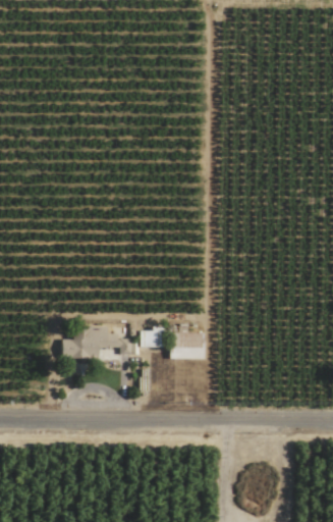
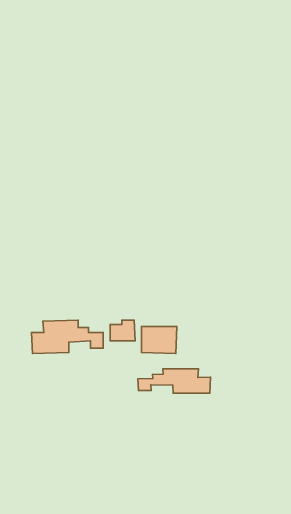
building: none -> [138,369,210,393]

